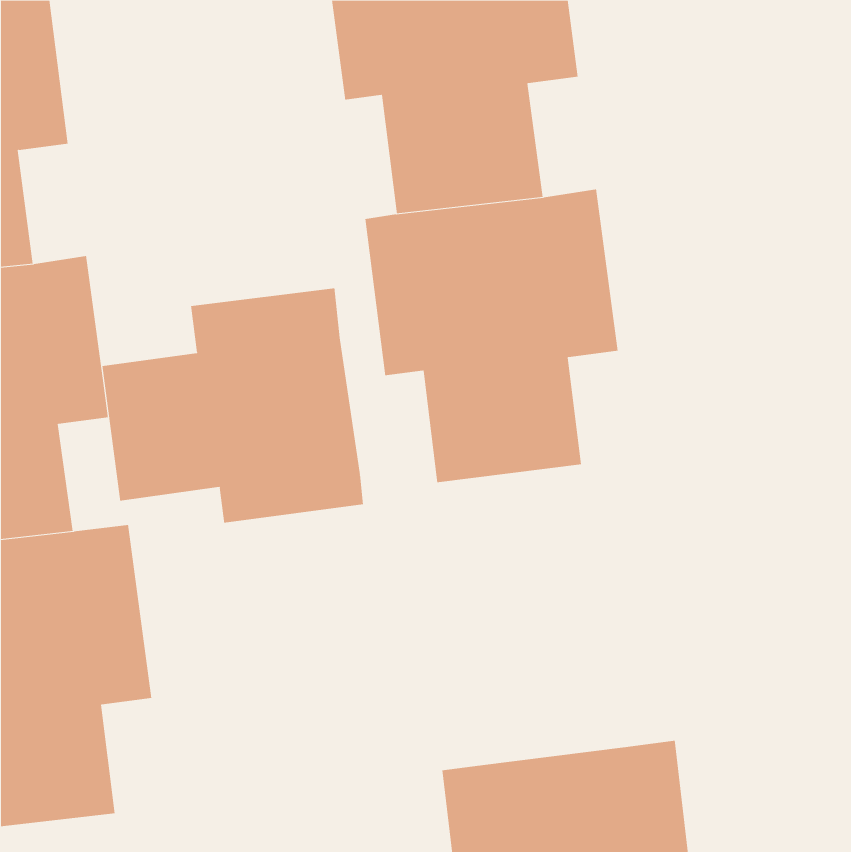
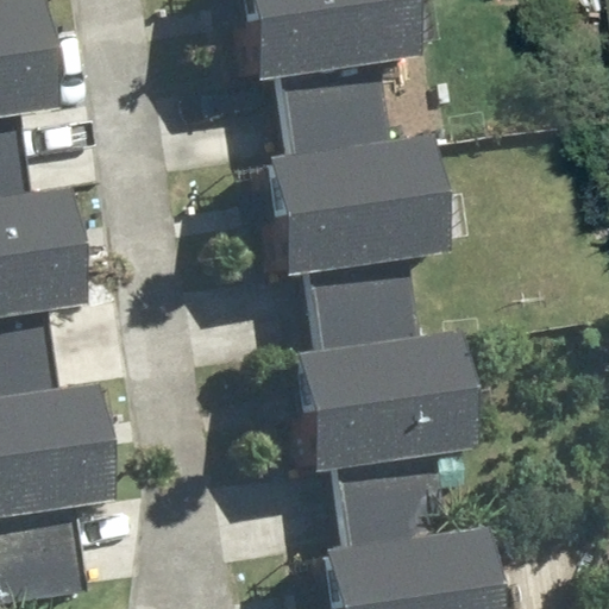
building: [102,287,364,524] -> none
building: none -> [290,326,473,546]

